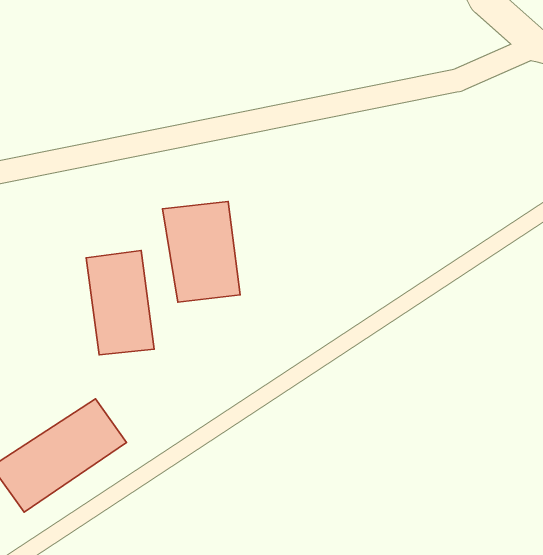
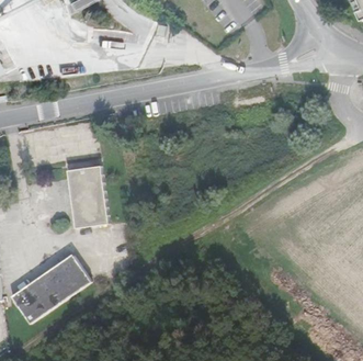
building: [163,201,240,302] -> none

